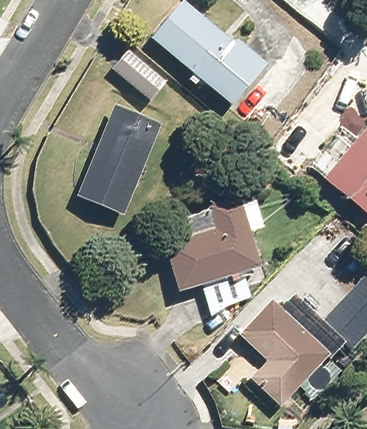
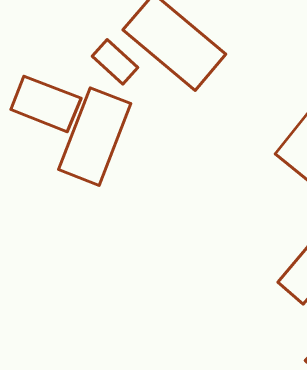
building: none -> [11,76,81,132]
building: [166,199,260,290] -> none
building: [238,300,327,405] -> none

